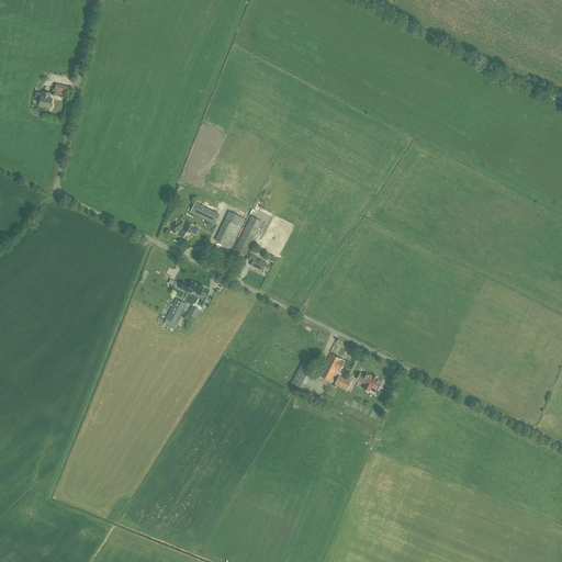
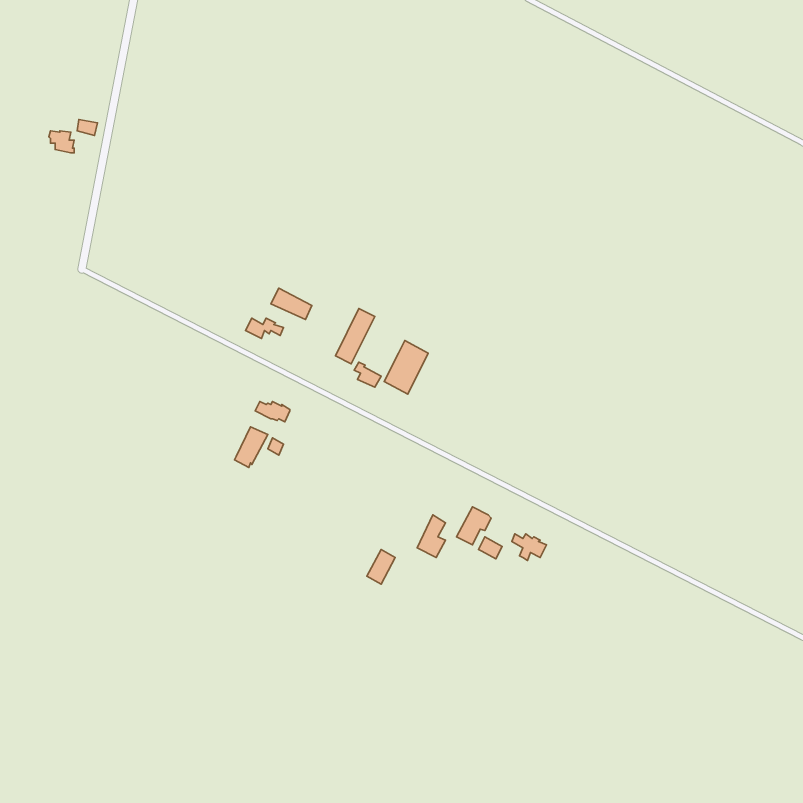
building: [214,210,245,247] -> [384,341,428,394]

